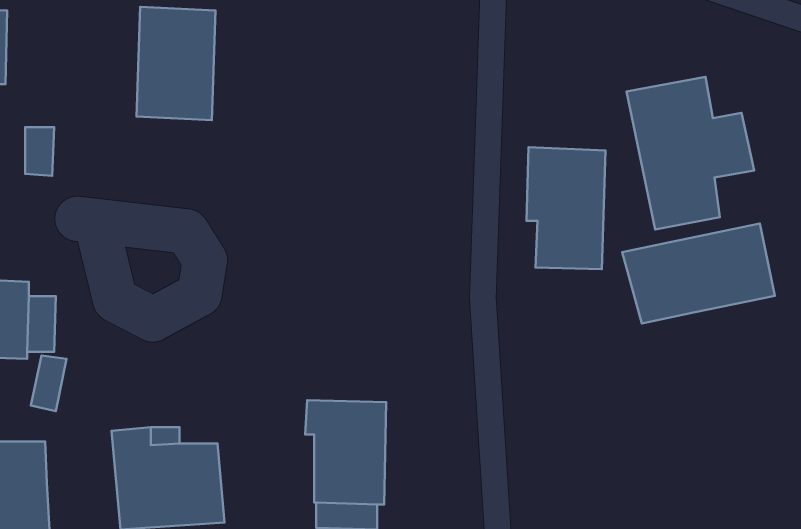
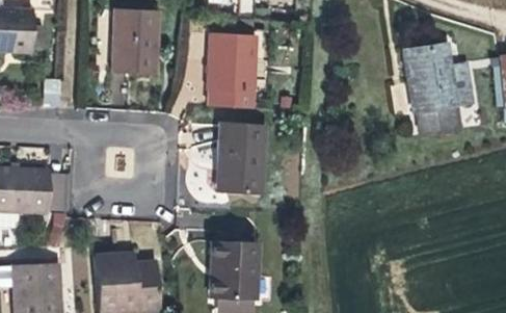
building: none -> [203,34,254,105]
building: [527,147,606,269] -> [218,120,264,190]
building: [622,223,775,324] -> none

